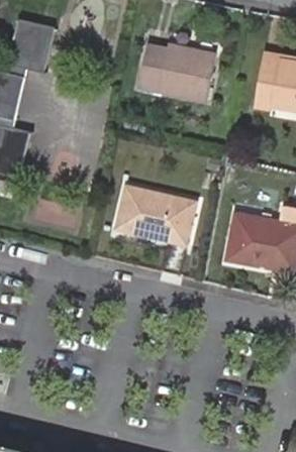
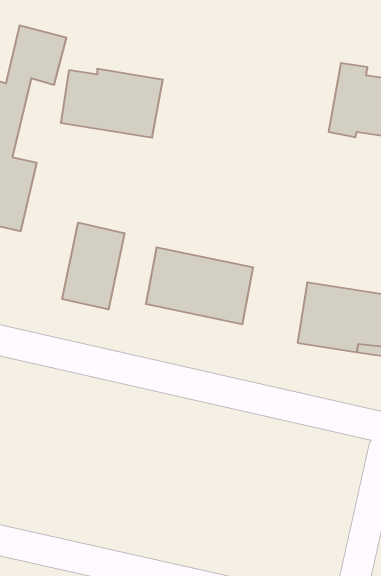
building: [134,46,211,98] -> [61,69,163,138]
building: none -> [62,223,124,310]

